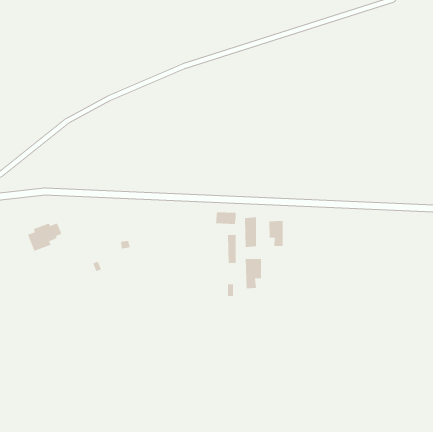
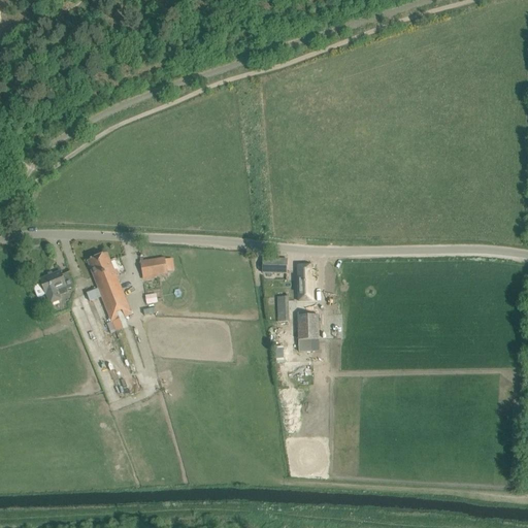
building: none -> [88,253,128,314]
building: none -> [140,258,167,276]
building: [269,220,283,247] -> none

